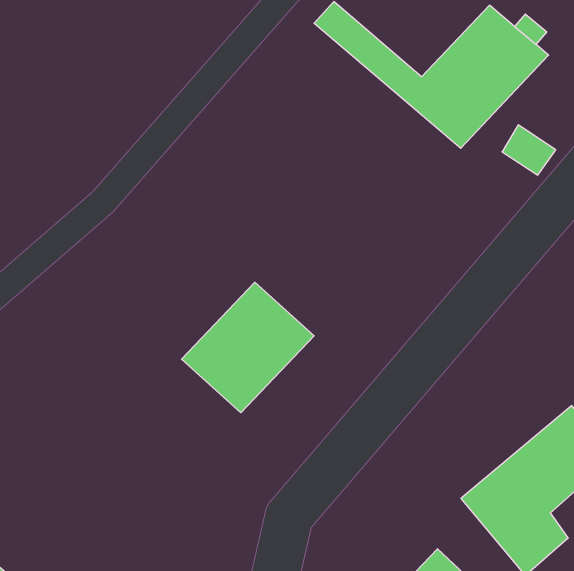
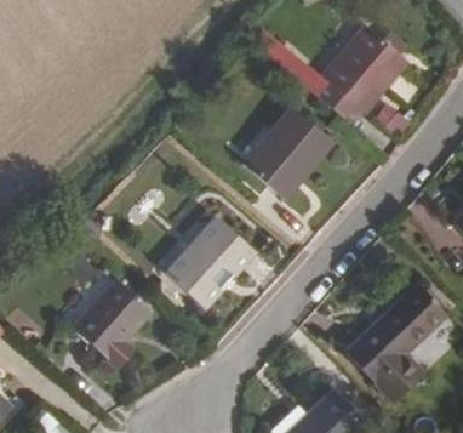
building: none -> [245,104,332,193]
building: none -> [67,279,142,369]

